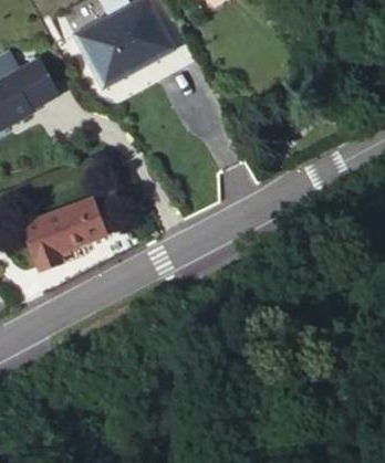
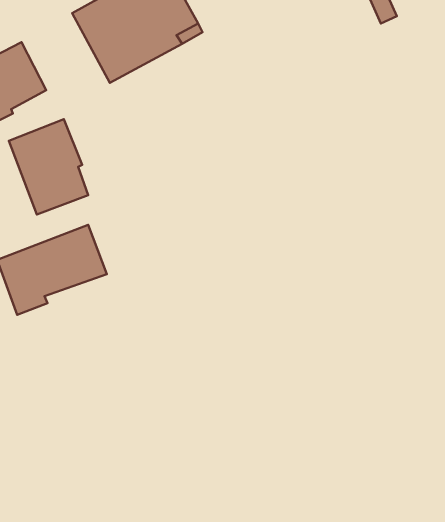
building: none -> [9,119,88,215]

